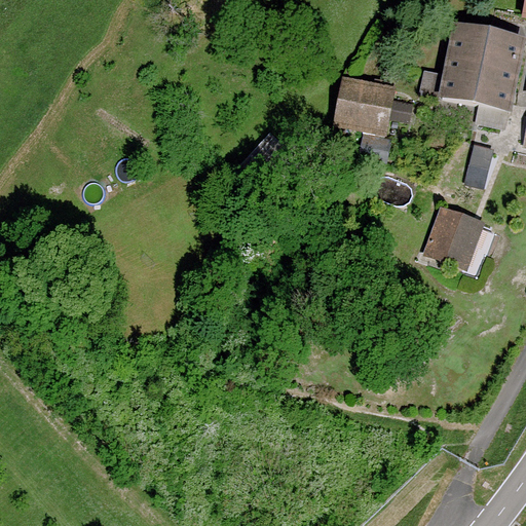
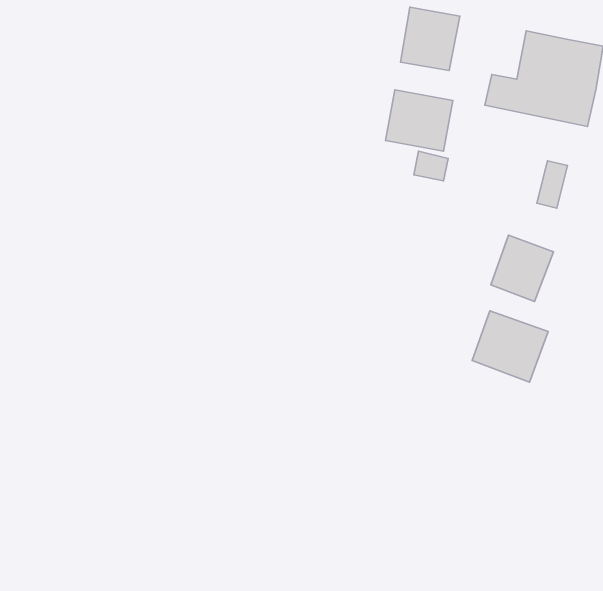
building: none -> [400,7,460,71]
building: none -> [472,311,548,382]

